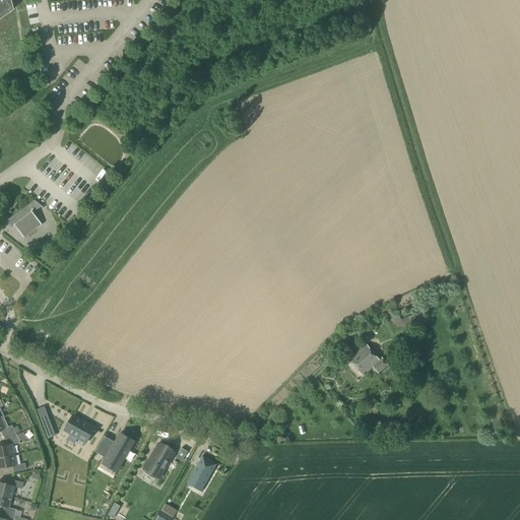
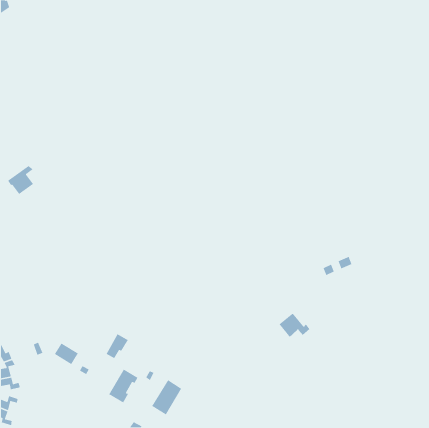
building: [348,344,387,375] -> [279,312,311,338]
building: [105,434,133,465] -> [105,333,129,359]

